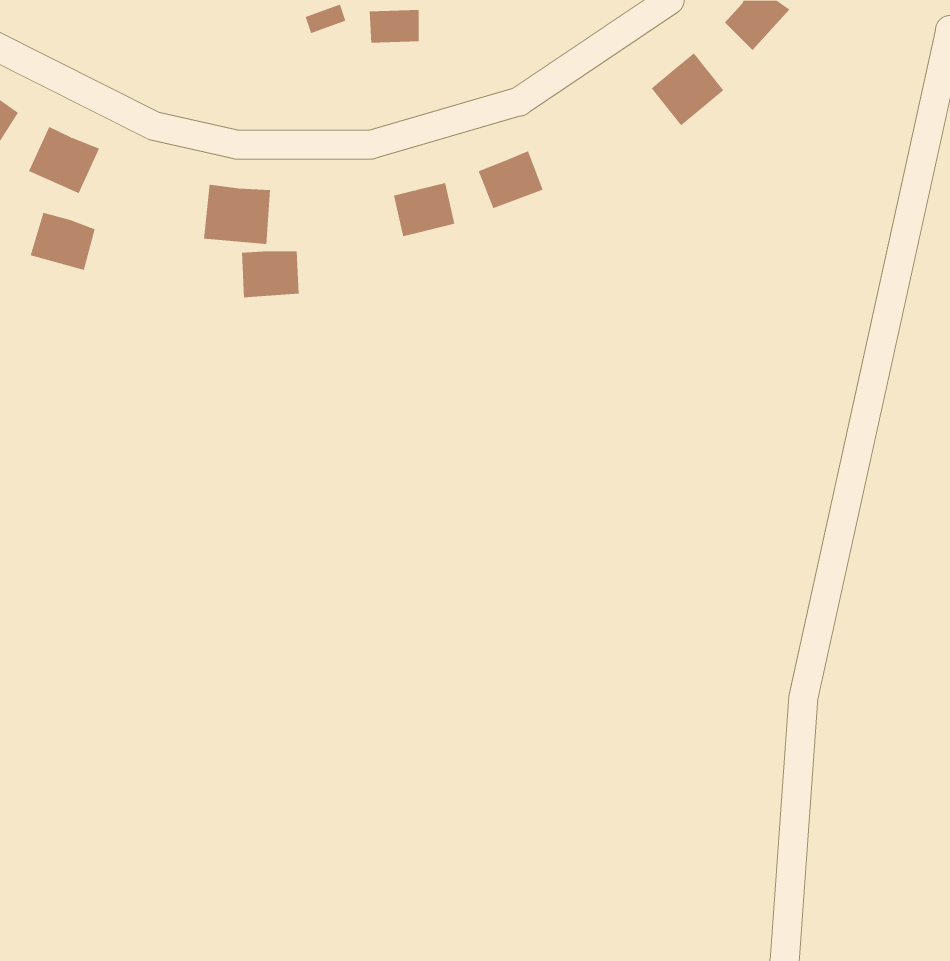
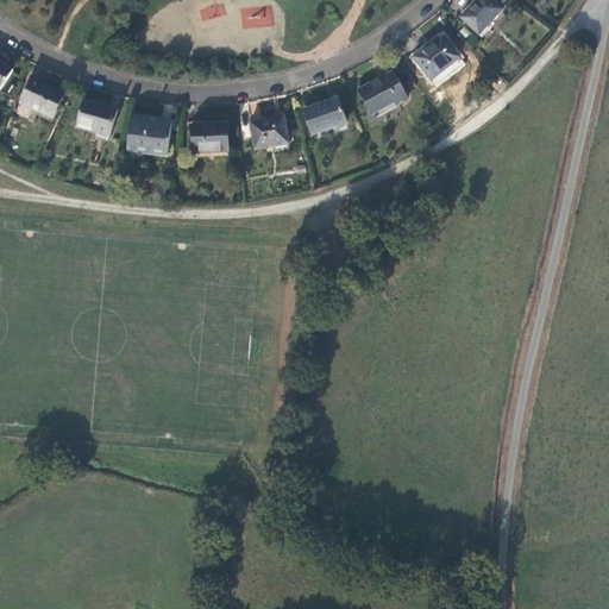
building: none -> [360,71,406,118]
building: [30,212,96,271] -> [74,102,115,139]
building: [241,251,300,298] -> [192,121,228,151]

